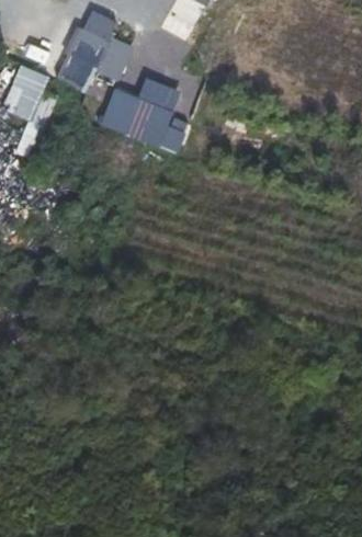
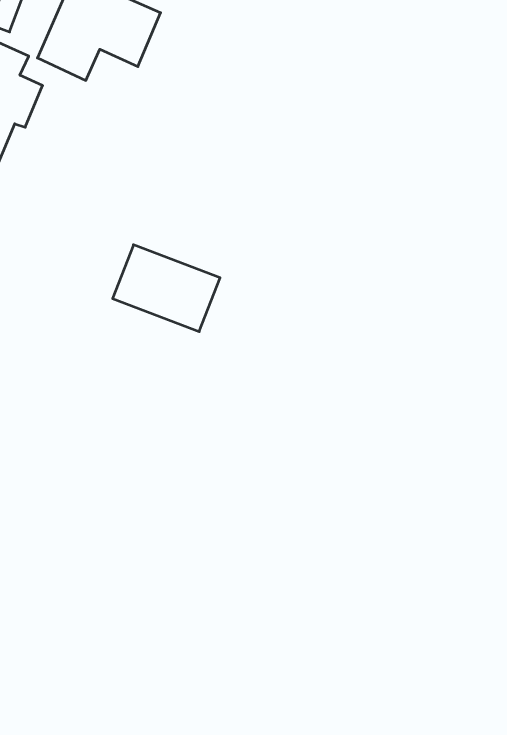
building: [105,87,173,141] -> [113,245,220,332]

